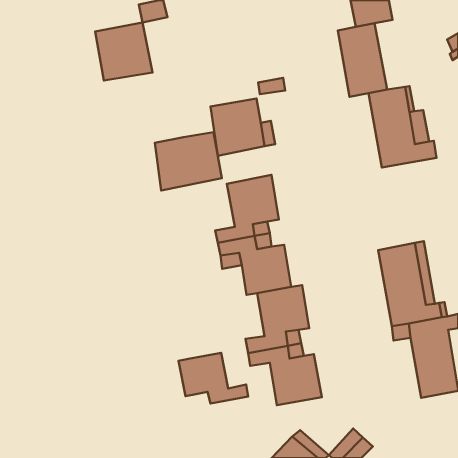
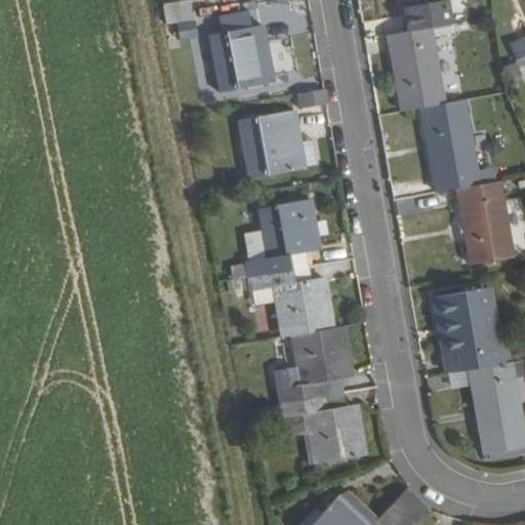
building: [95,22,152,81] -> [209,27,275,93]
building: [155,132,222,191] -> none
building: none -> [458,180,514,266]
building: [178,353,248,403] -> none

